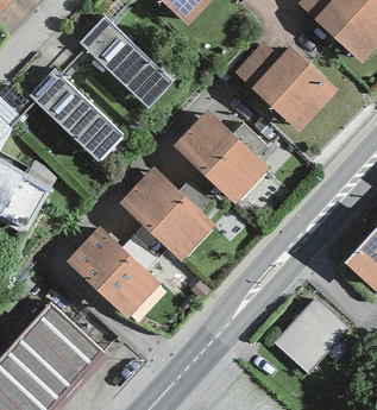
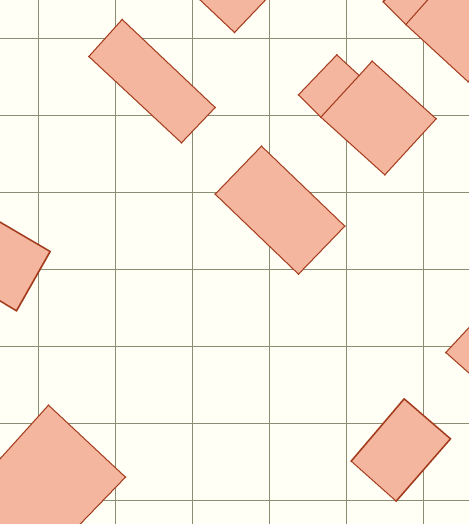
building: [29,69,122,160] -> none
building: [119,166,214,260] -> none
building: [64,225,159,317] -> none

